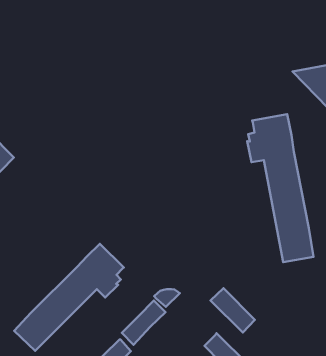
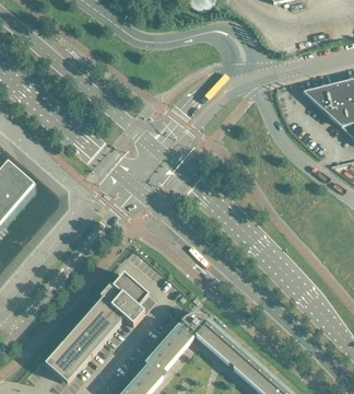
building: [247,114,313,262] -> none
building: [210,288,255,333] -> [194,321,239,363]

